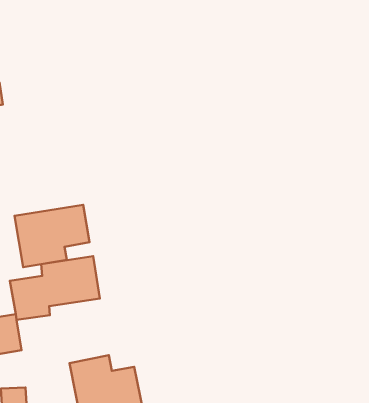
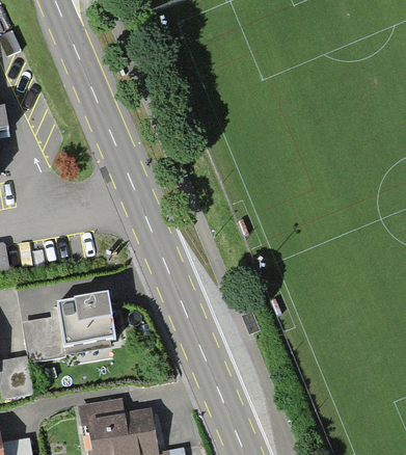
building: [14,205,89,267] -> none

